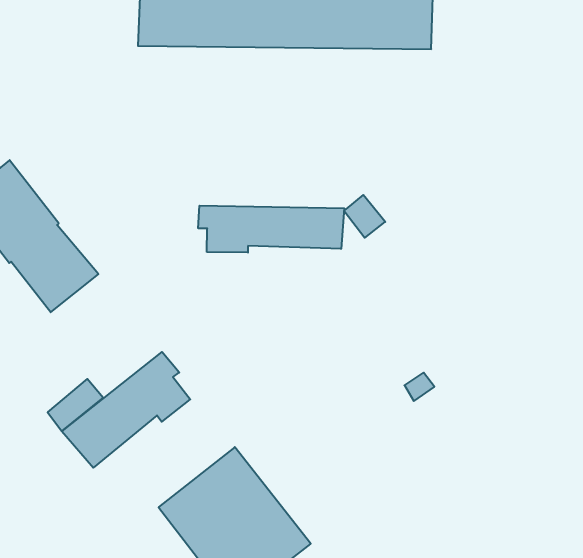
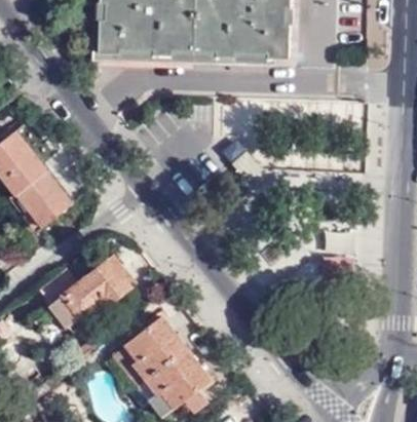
building: [198,206,344,253] -> none

